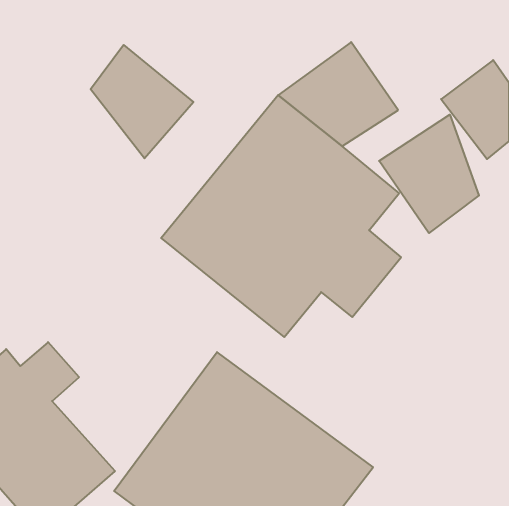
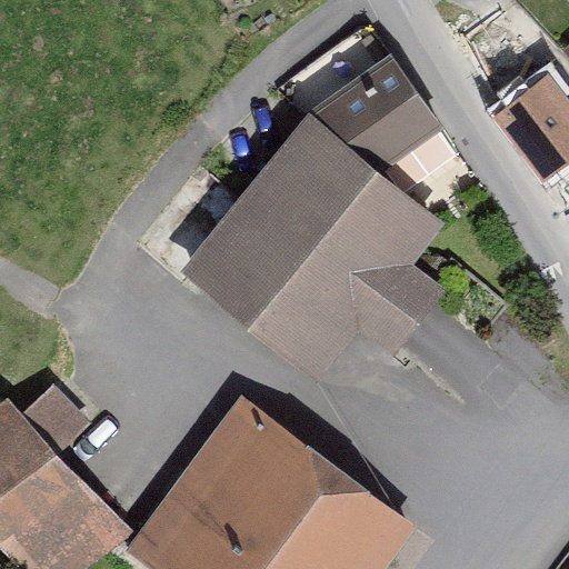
building: [91,45,193,158] -> none
building: [379,115,479,233] -> none

